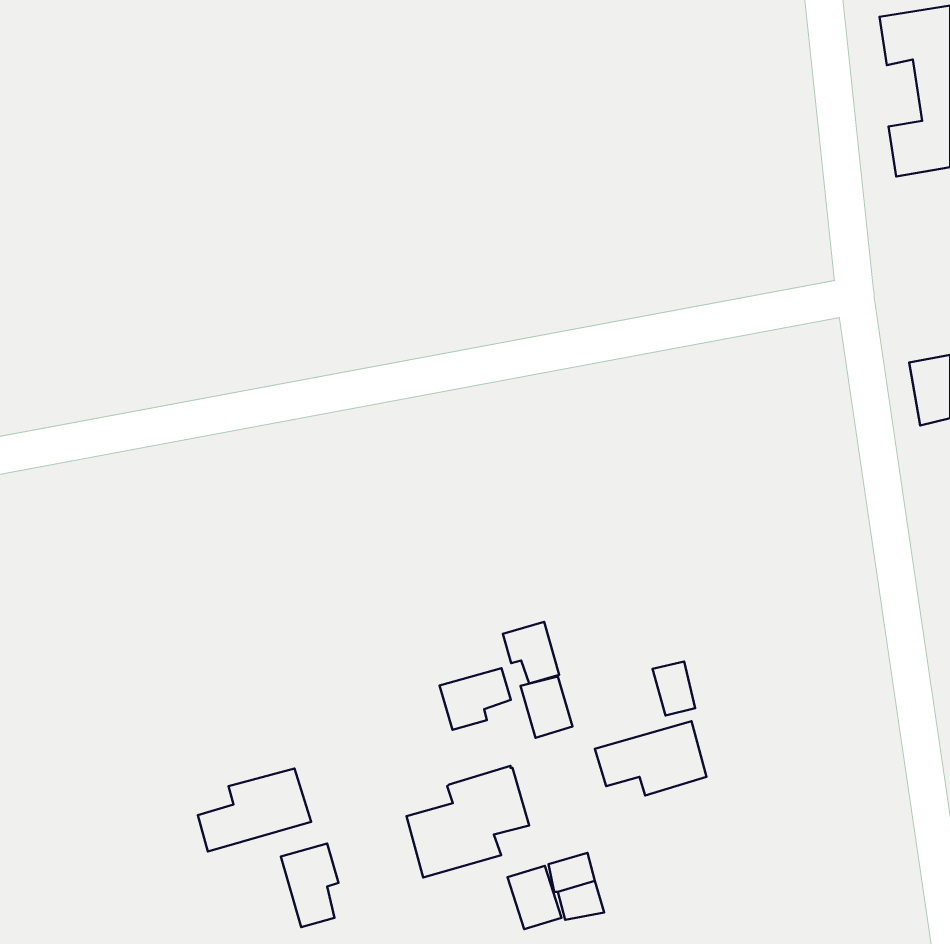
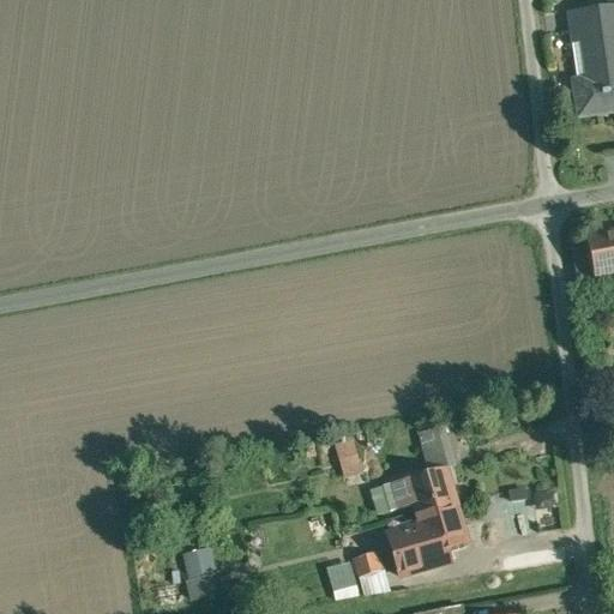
building: [503,622,559,684] -> none
building: [440,668,511,730] -> none
building: [406,766,529,877] -> [389,501,468,573]
building: [198,768,311,851] -> none

